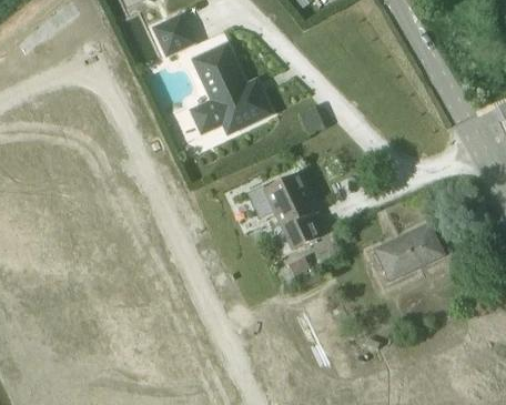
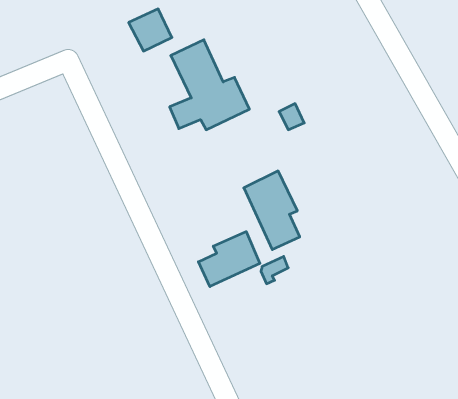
building: [371,223,443,279] -> none
building: none -> [198,232,260,287]

